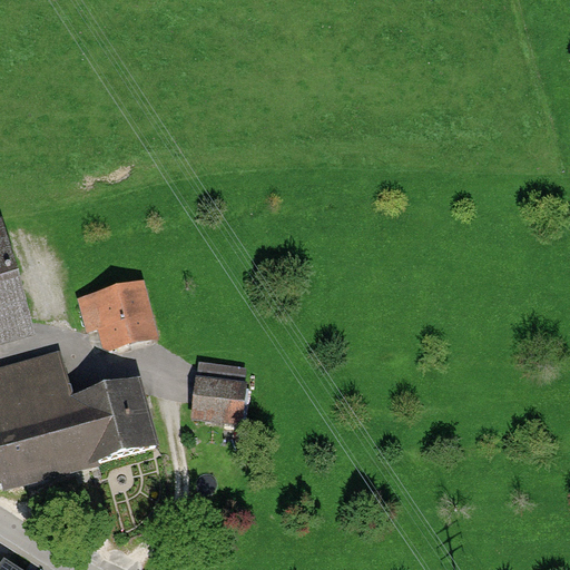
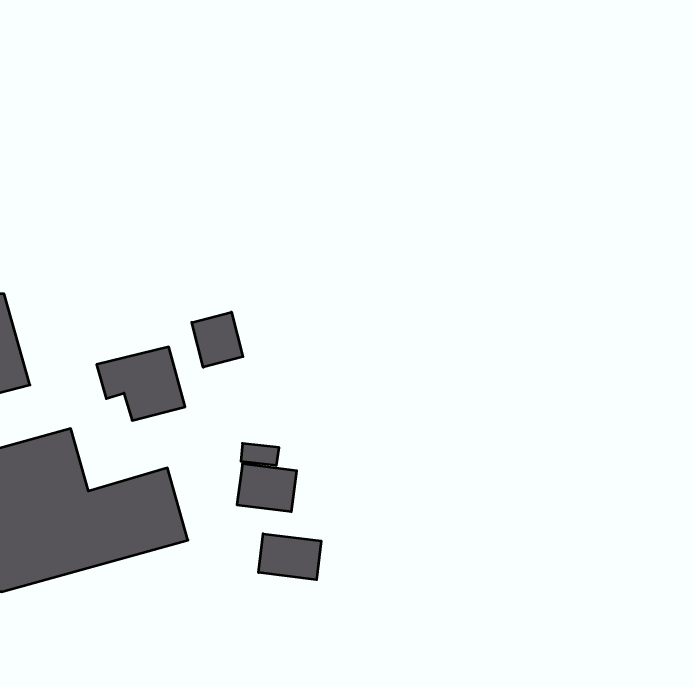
building: none -> [192,312,243,367]
building: none -> [259,534,321,580]

